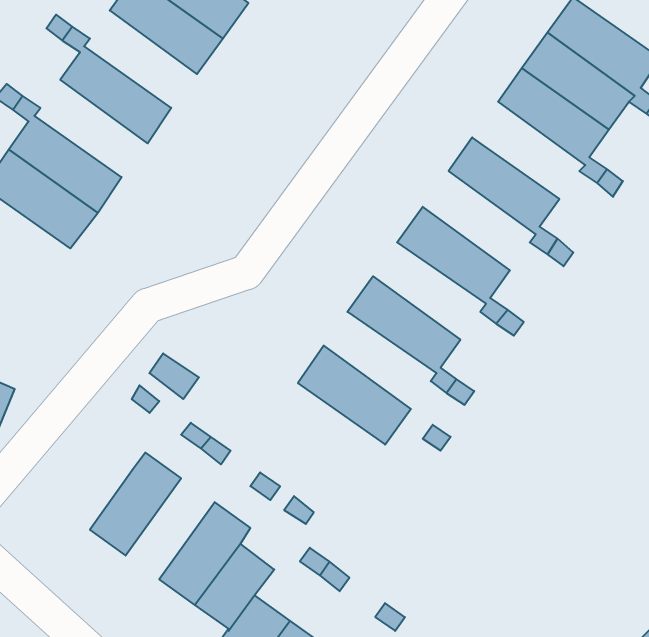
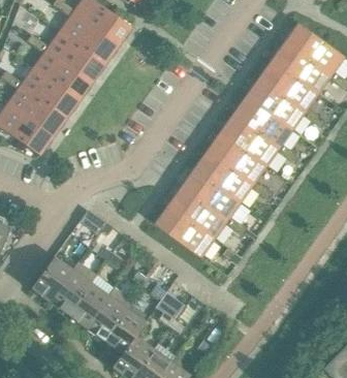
building: none -> [45,30,104,81]
building: none -> [20,66,78,117]
building: none -> [248,77,307,128]
building: none -> [222,114,281,165]
building: none -> [196,151,255,201]
building: none -> [170,187,229,238]
building: none -> [30,255,71,301]
building: none -> [67,274,114,326]

